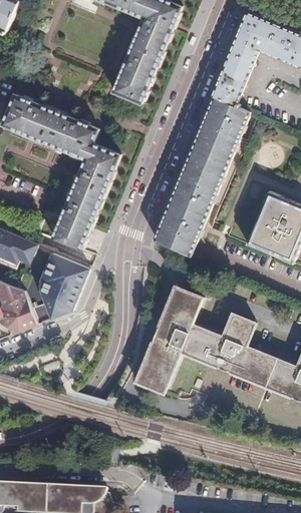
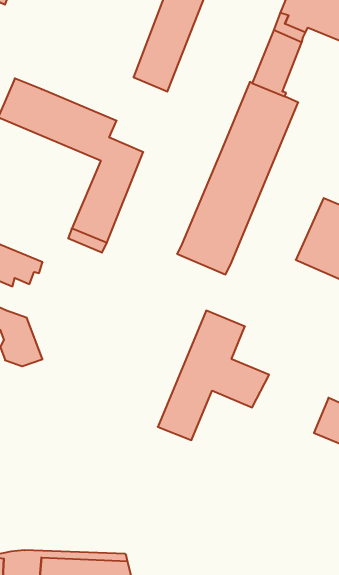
building: [52,224,86,249] -> none
building: [37,250,90,319] -> none
building: [211,315,274,386] -> none

